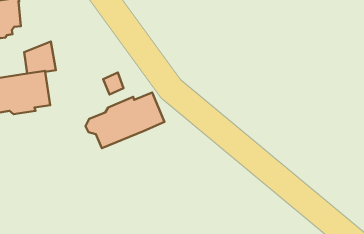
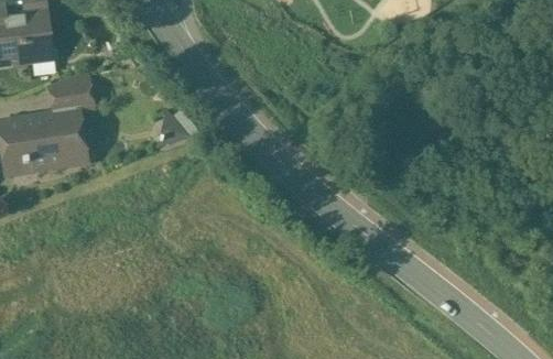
building: [86,92,165,148] -> none

